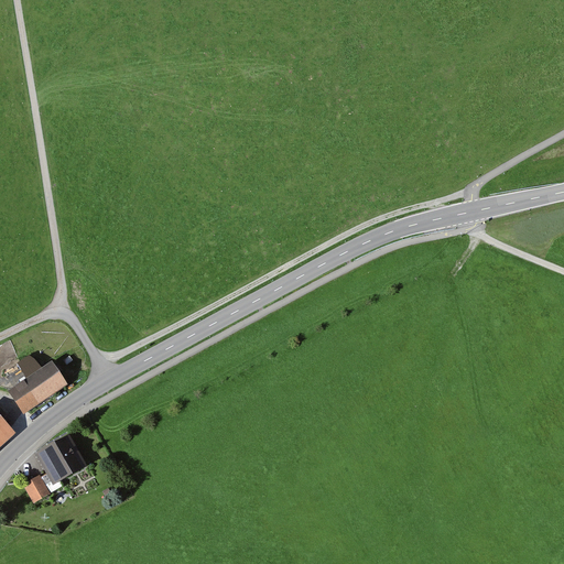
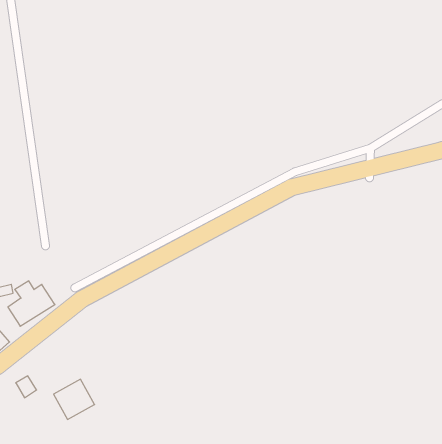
building: [32,434,84,485] -> [54,379,95,419]

